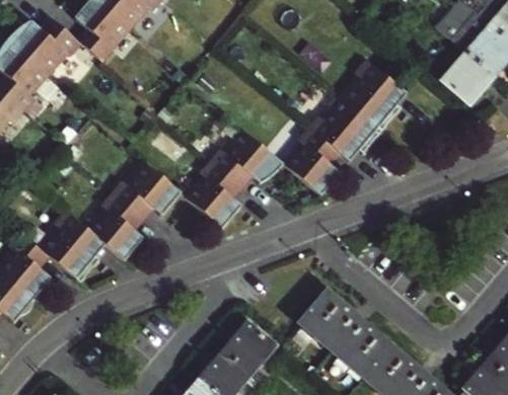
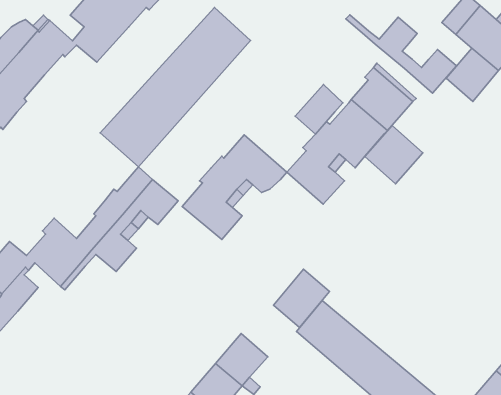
building: none -> [100,7,250,167]
building: none -> [346,15,457,93]
building: none -> [295,85,343,134]
building: none -> [365,125,423,184]
building: none -> [273,269,330,327]

